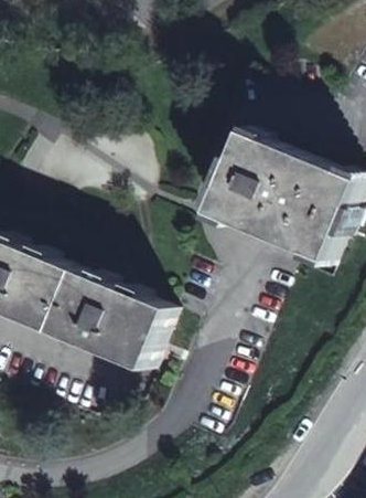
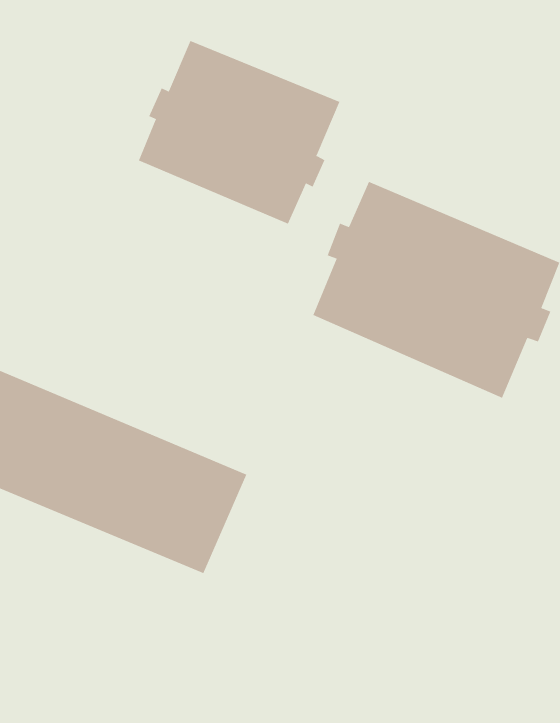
building: none -> [138,40,340,225]

